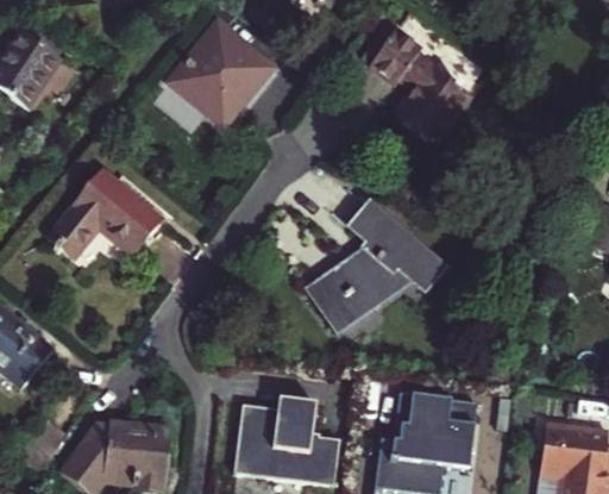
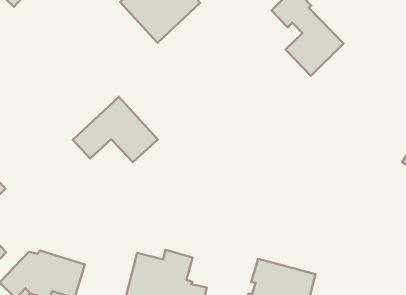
building: [51,170,163,257] -> [73,97,158,162]
building: [310,204,442,327] -> none

